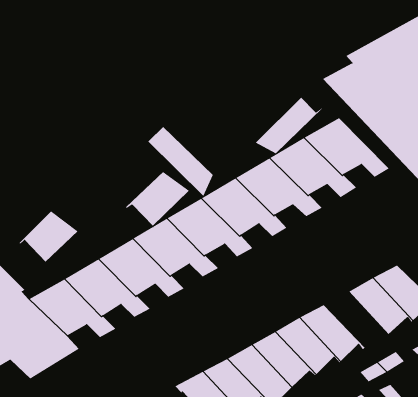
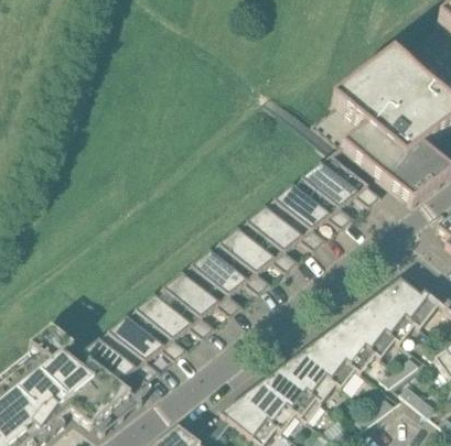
building: [255,97,323,154] -> none
building: [147,126,214,197] -> none
building: [125,171,190,227] -> none
building: [19,211,78,262] -> none
building: none -> [344,307,405,355]

